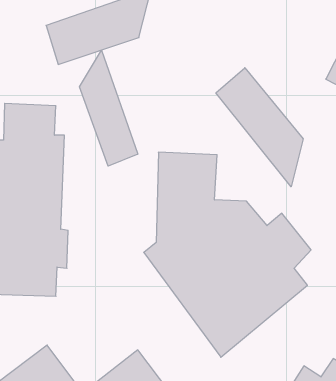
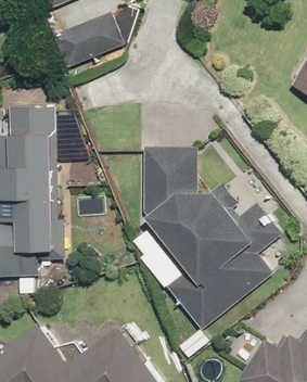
building: [80,50,138,166] -> none
building: [216,68,303,187] -> none

